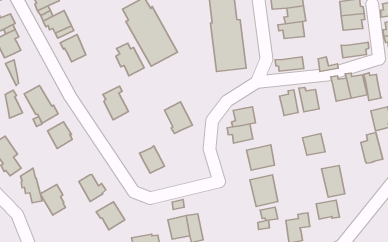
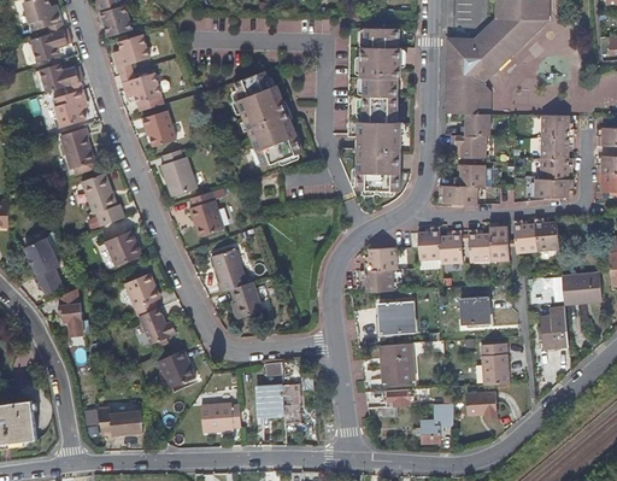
building: none -> [540,157,572,178]
building: none -> [449,164,484,186]
building: [116,43,144,76] -> [160,151,198,196]
building: [364,73,381,101] -> [488,223,509,262]
building: none -> [416,227,440,262]
building: [5,90,22,118] -> [74,128,94,166]
building: [164,102,192,134] -> [211,248,247,292]
building: [40,184,65,215] -> [124,275,157,317]

